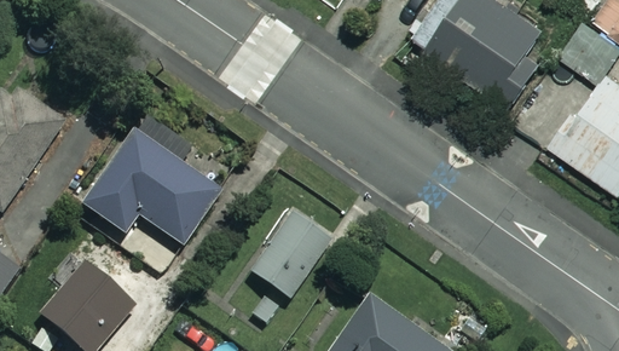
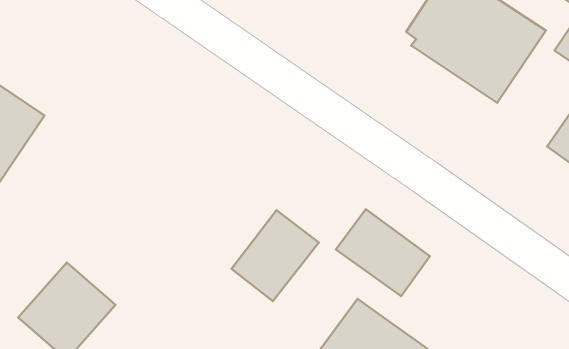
building: [82,128,225,247] -> none
building: none -> [336,209,430,296]

